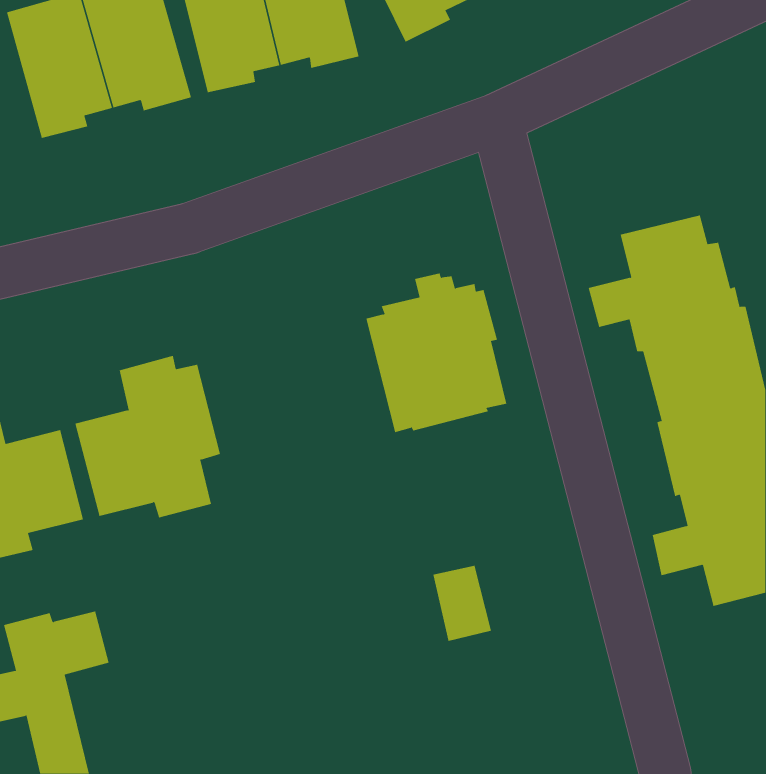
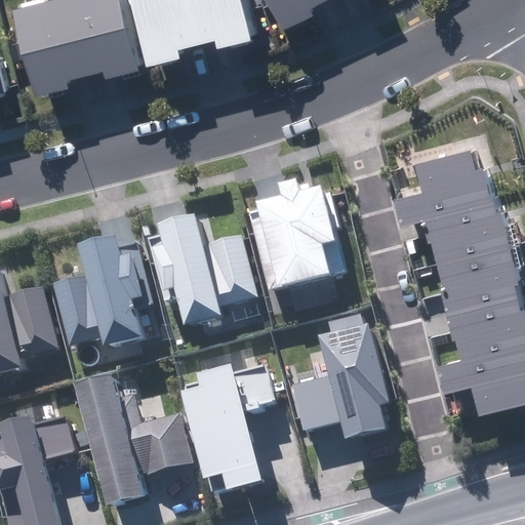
building: none -> [149,219,255,329]
building: none -> [321,329,389,443]
building: none -> [184,364,274,492]
building: none -> [78,376,190,510]

